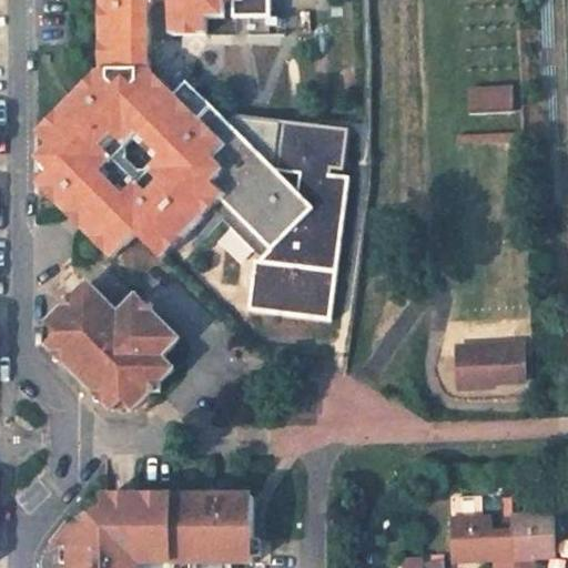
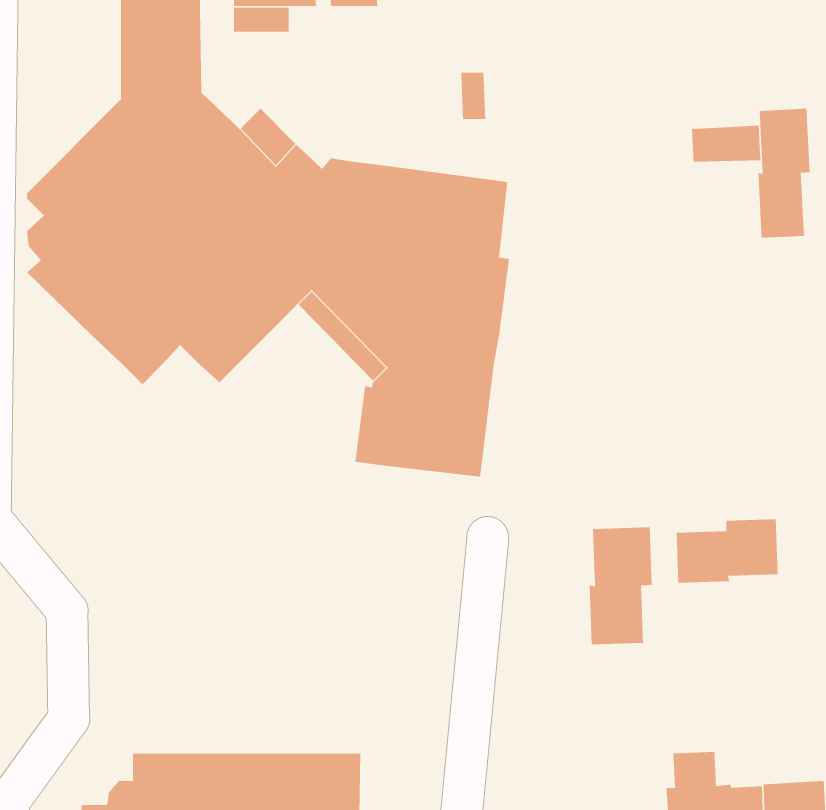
building: none -> [757,108,810,239]
building: [45,281,178,406] -> none
building: none -> [589,526,652,645]

